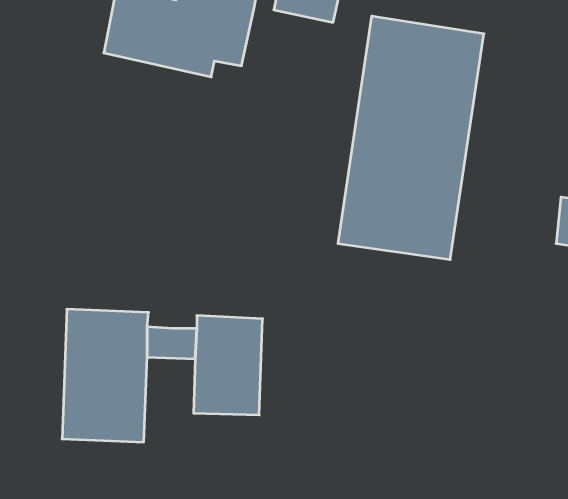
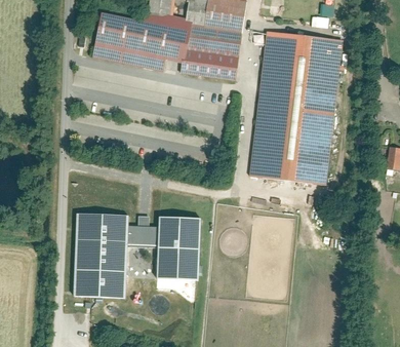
building: none -> [184,20,244,77]

